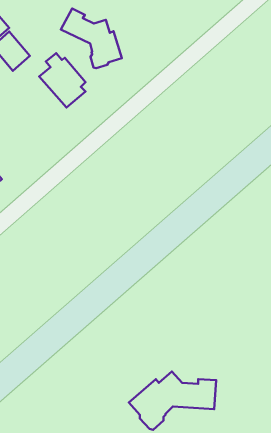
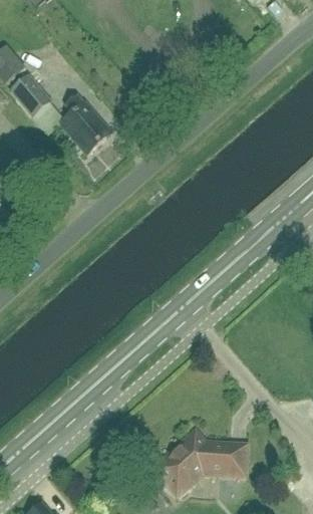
building: [61,8,122,68] -> none

